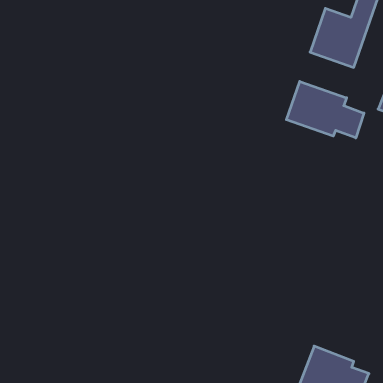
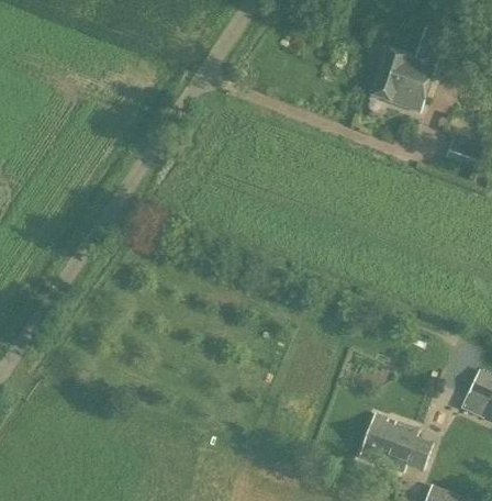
building: [286,81,364,138] -> none

